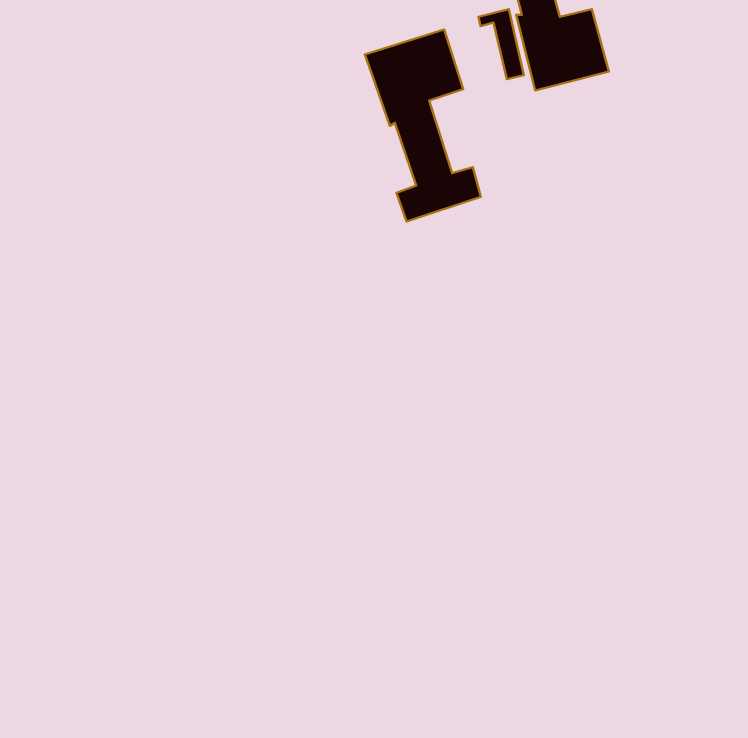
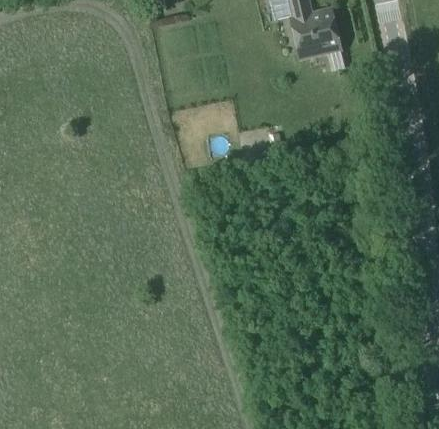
building: [365,30,481,221] -> none

